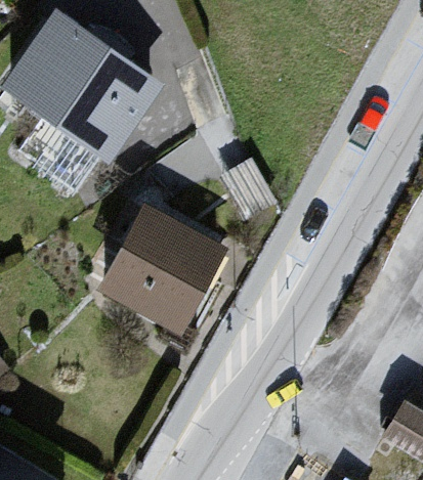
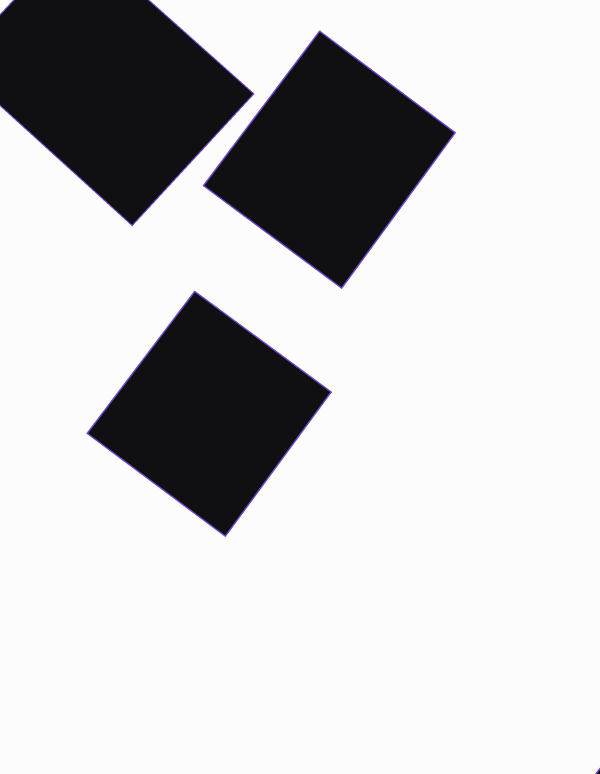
building: none -> [204,31,455,288]

